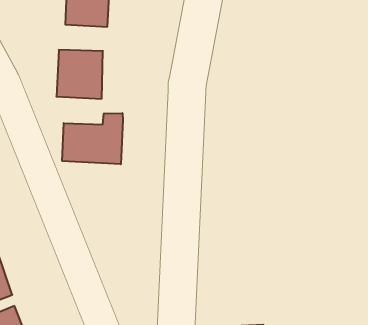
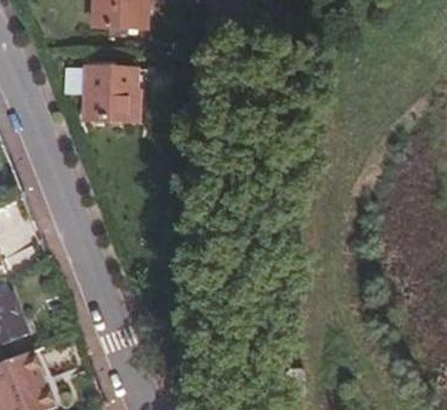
building: [62,113,123,164] -> none

